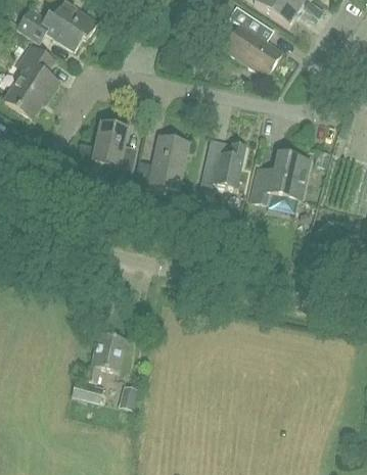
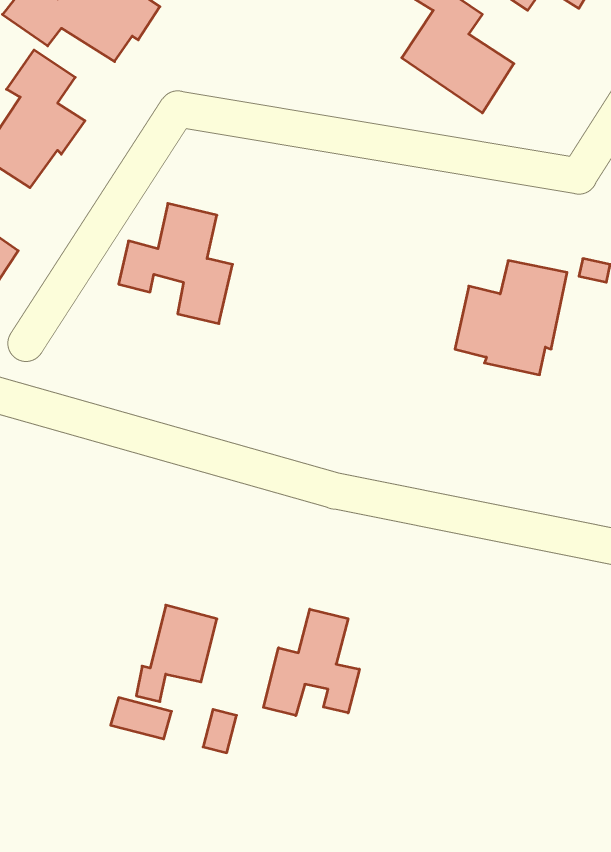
building: [132,136,187,194] -> none
building: [198,137,245,194] -> none
building: none -> [263,609,359,716]

